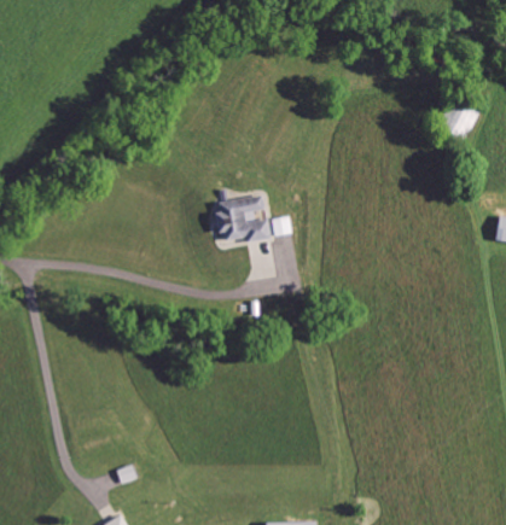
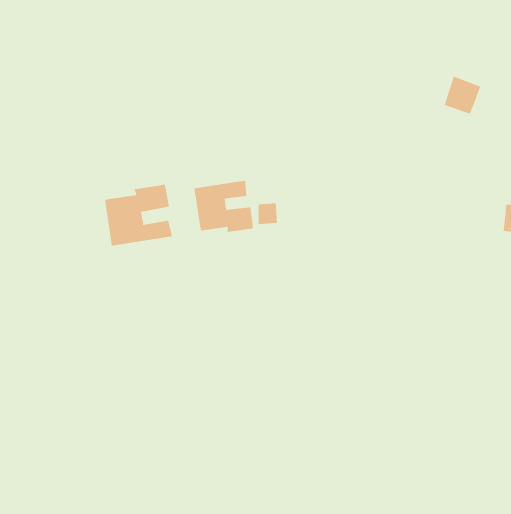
building: none -> [104,184,173,246]

